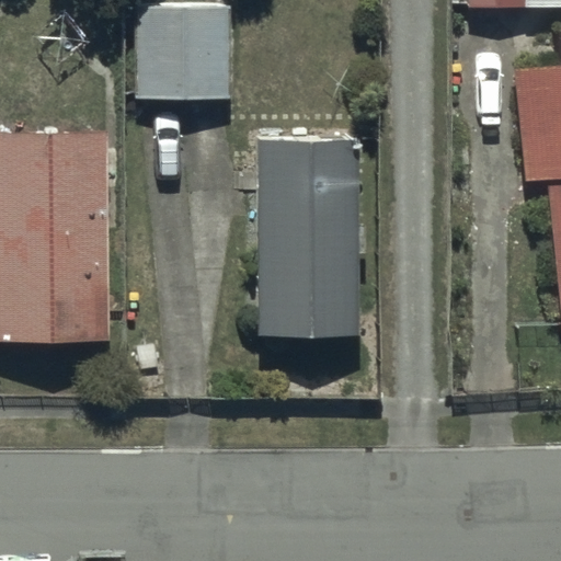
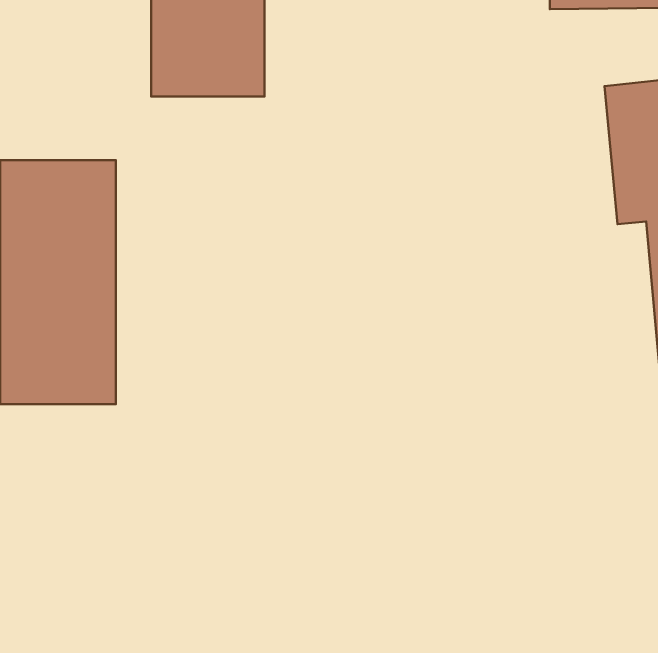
building: [257,142,358,334] -> none

